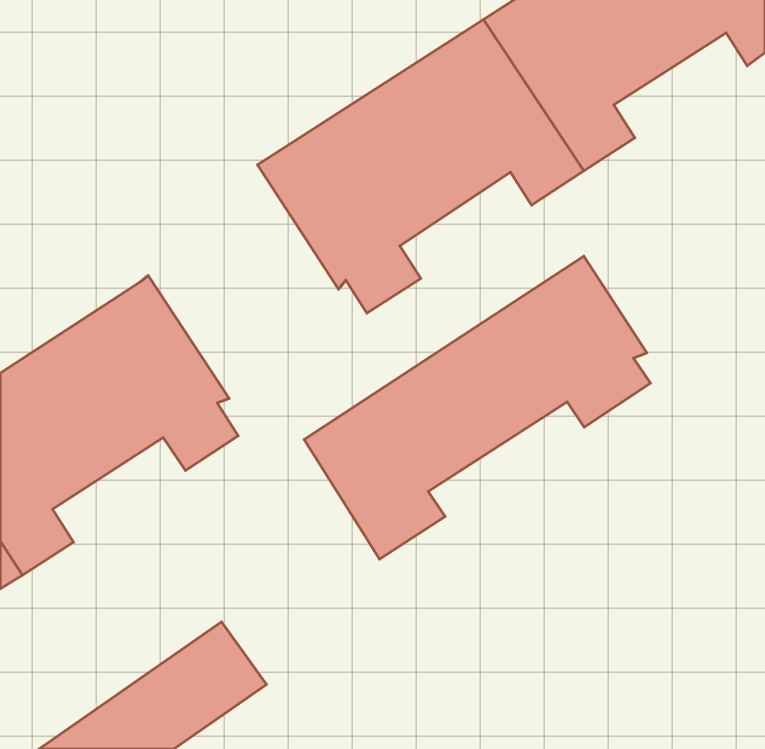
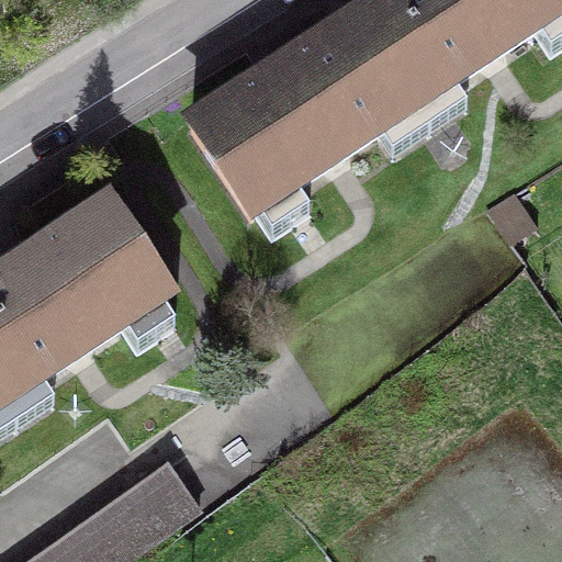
building: [304,256,651,559] -> none

